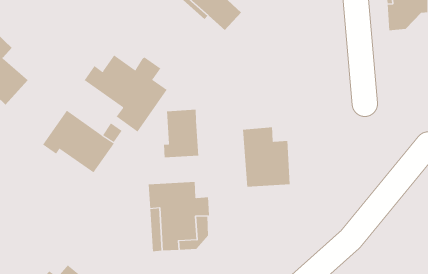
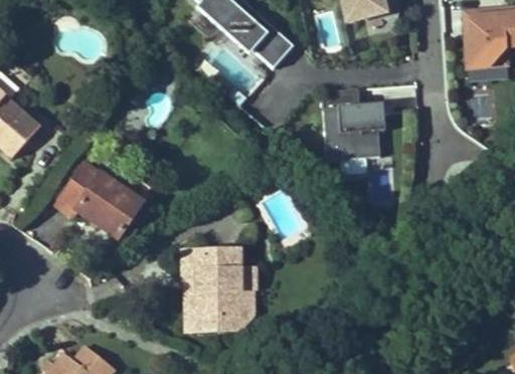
building: [84,54,168,132] -> none
building: [163,109,199,158] -> none
building: [242,127,291,187] -> [322,87,379,159]

